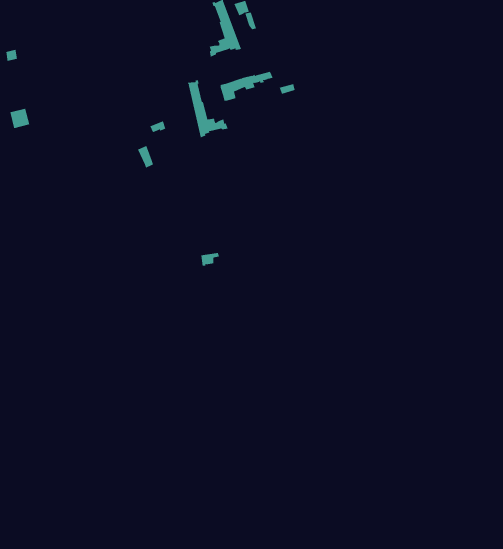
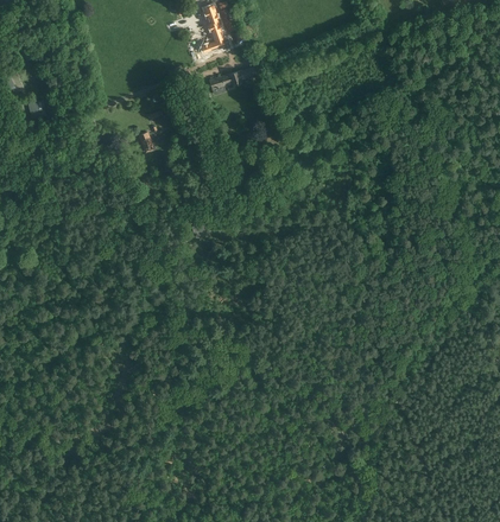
building: [187,79,228,138] -> none

